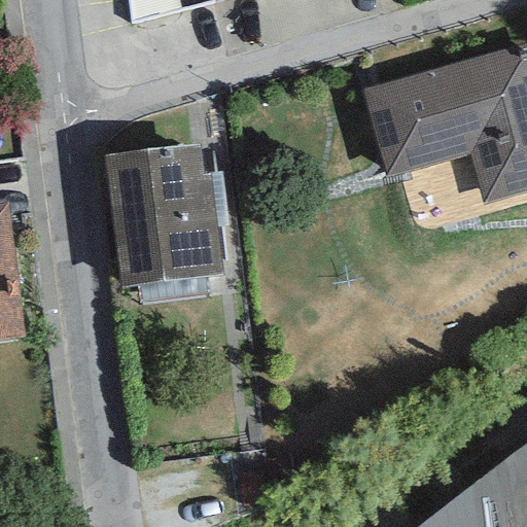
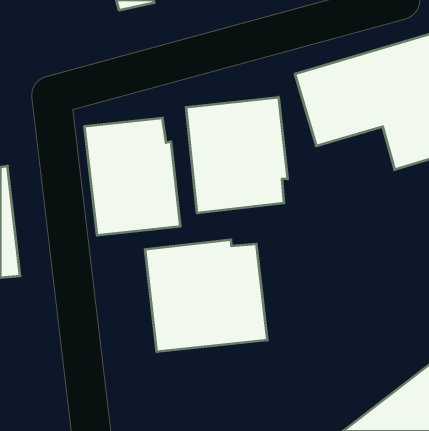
building: none -> [186,97,288,213]
building: none -> [145,240,267,352]

